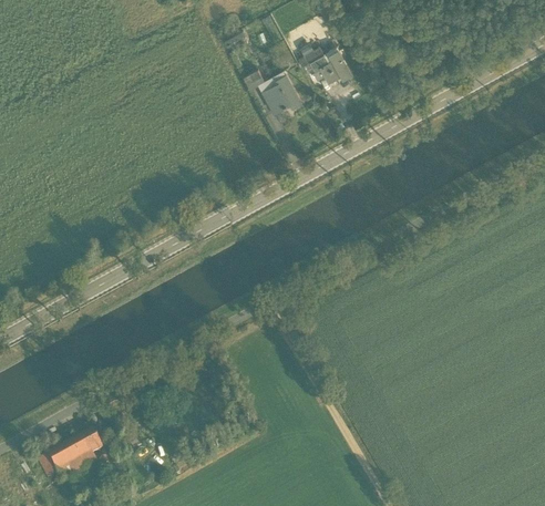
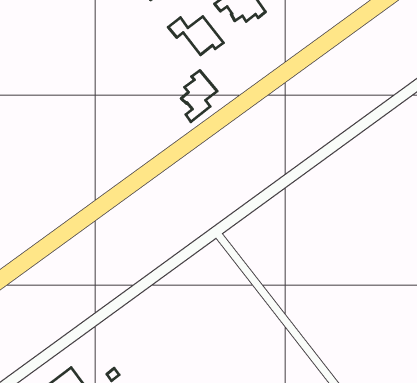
building: none -> [181,71,217,122]

